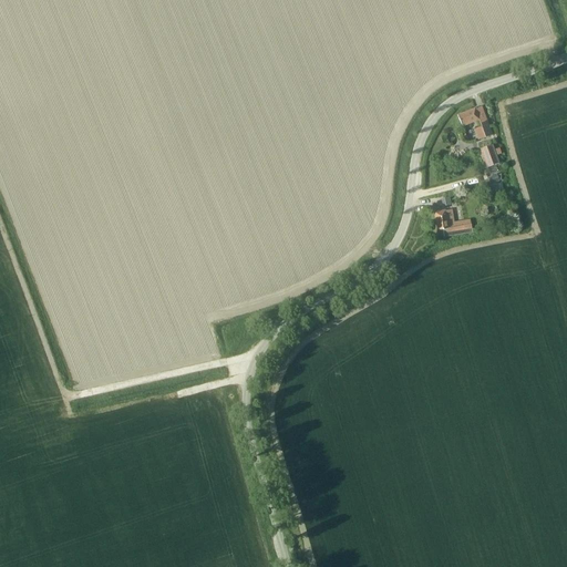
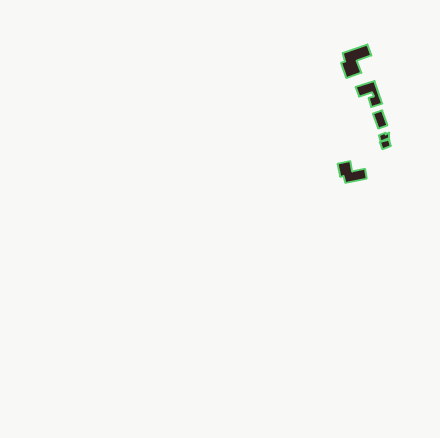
building: none -> [341,44,371,78]

